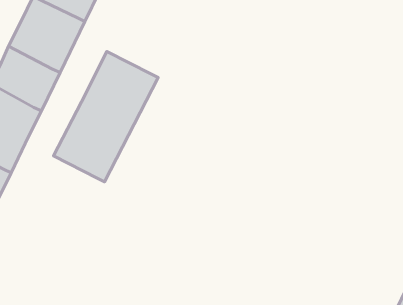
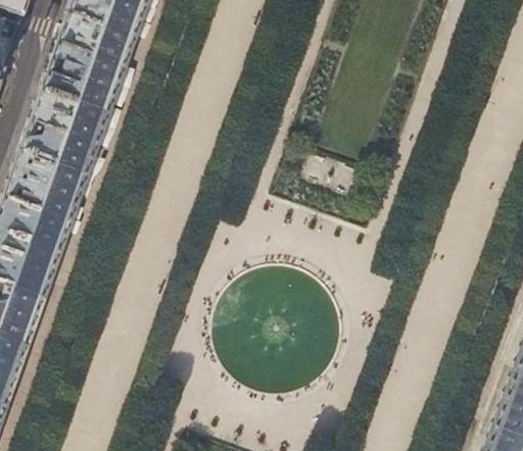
building: [53,52,158,182] -> none

